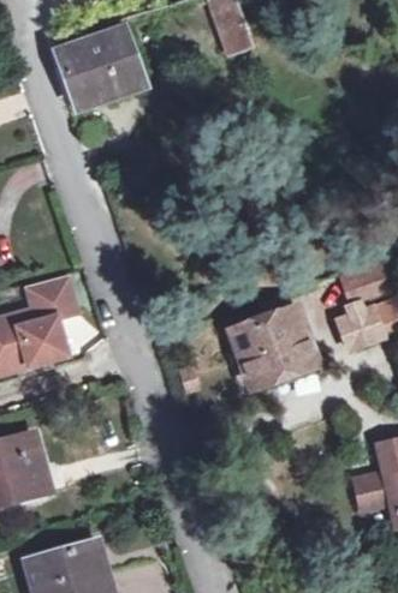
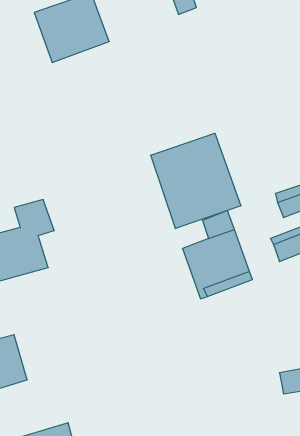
building: none -> [151,133,241,229]

